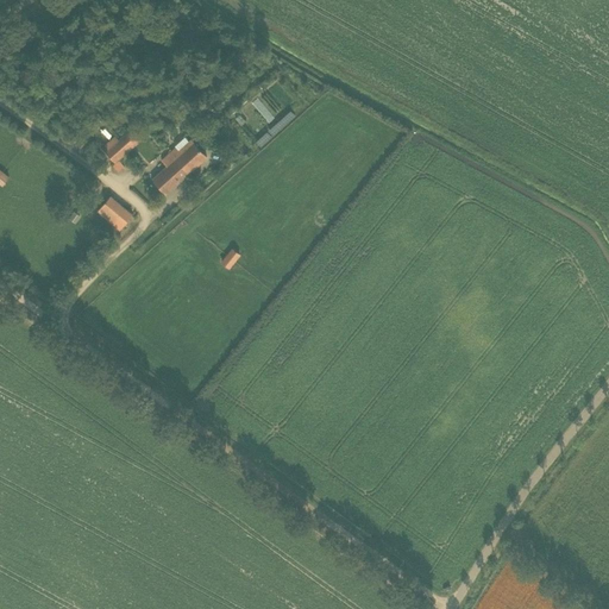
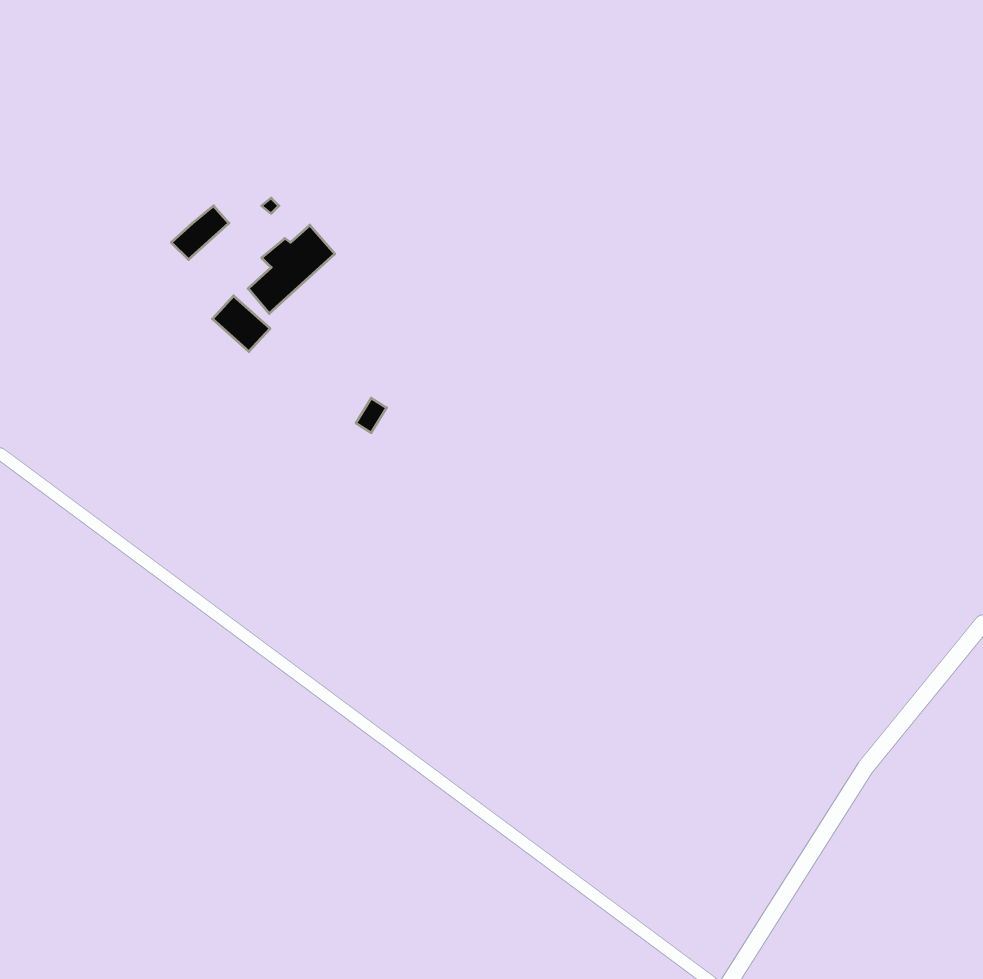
building: [96,196,132,231] -> [212,296,270,352]

